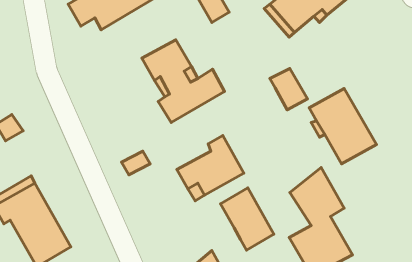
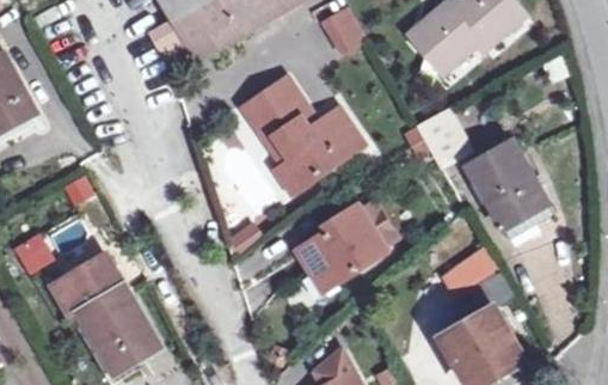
building: [220,188,274,250] -> none

